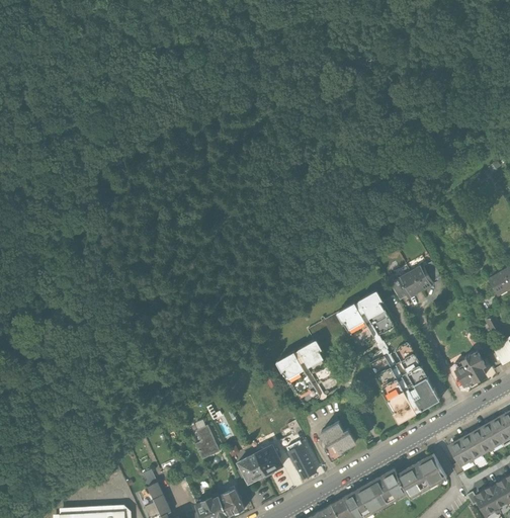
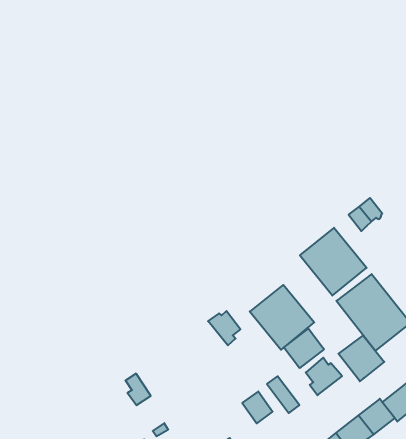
building: none -> [208,311,240,345]
building: none -> [284,329,324,368]
building: none -> [338,335,384,381]
building: [195,426,219,458] -> [125,374,151,405]
building: [237,452,267,485] -> none

